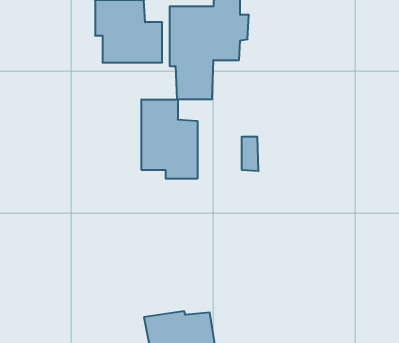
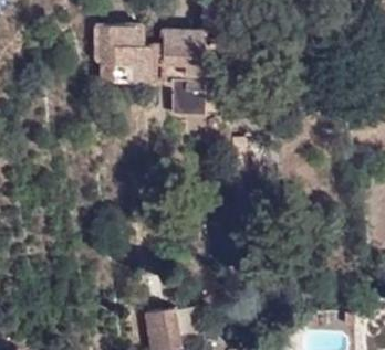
building: [142,99,197,179] -> none

